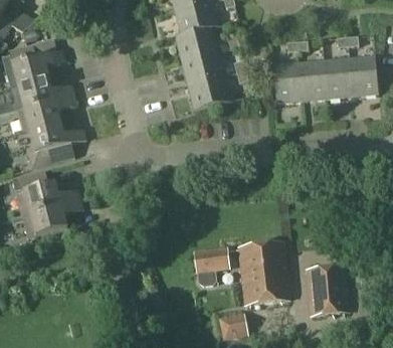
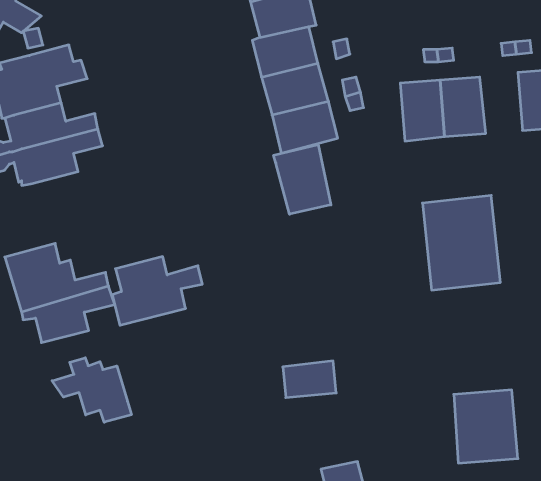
building: [325,57,353,98] -> none
building: none -> [274,144,331,214]
building: [27,123,86,168] -> [112,257,202,325]
building: [239,242,290,305] -> [422,195,500,290]
building: none -> [52,358,131,422]

